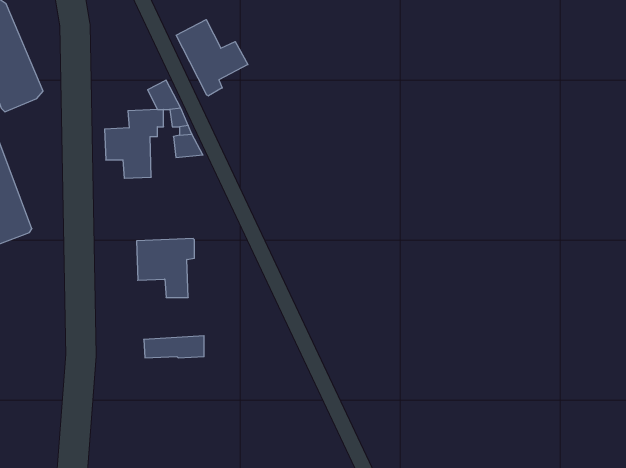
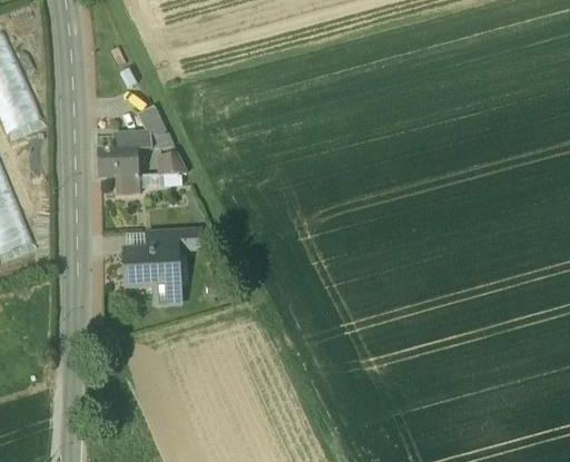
building: [176,20,248,96] -> none
building: [144,336,204,358] -> [146,229,200,249]

